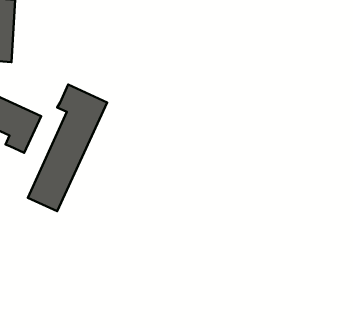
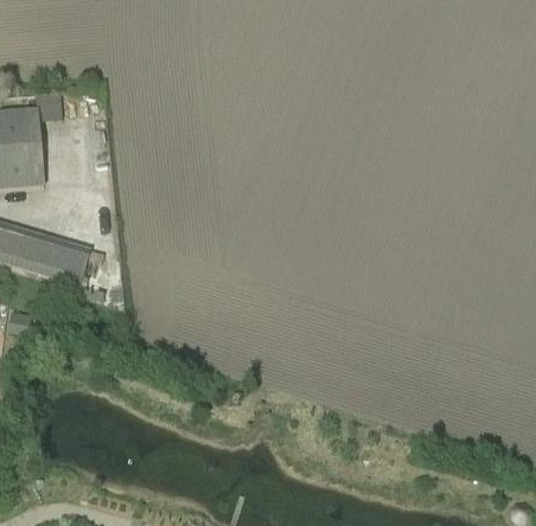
building: [28,85,107,211] -> none

